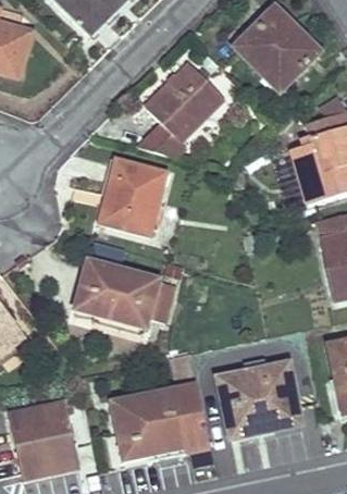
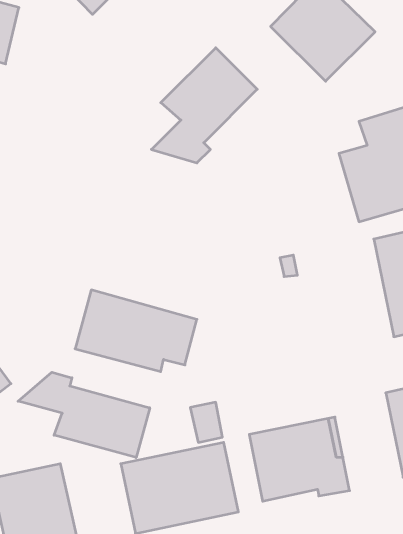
building: [98,157,165,235] -> none
building: none -> [18,372,150,458]

